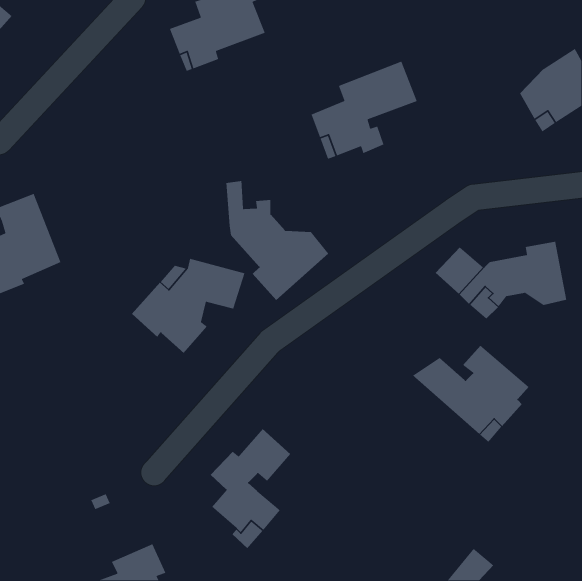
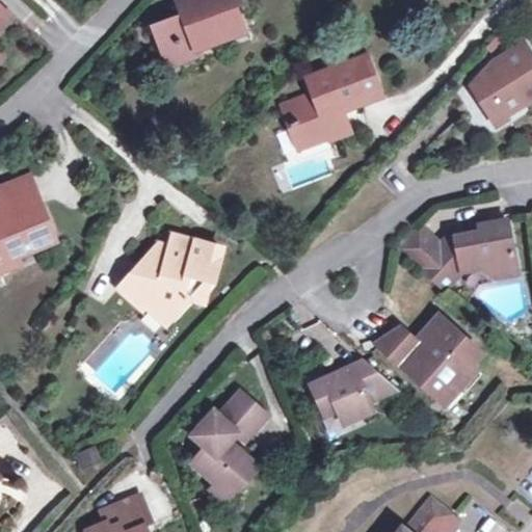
building: [225,180,329,301] -> none
building: none -> [311,360,396,422]

